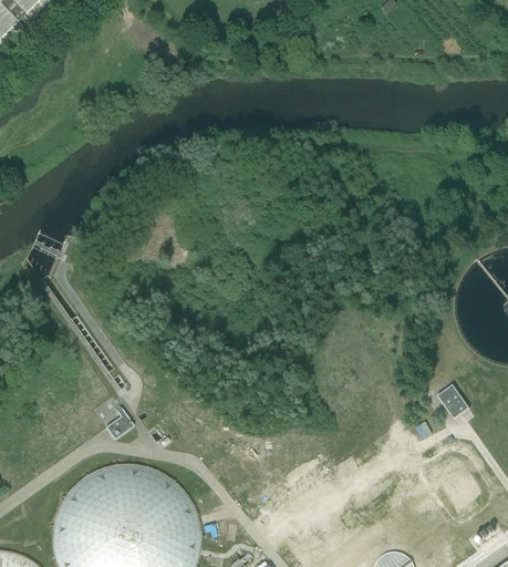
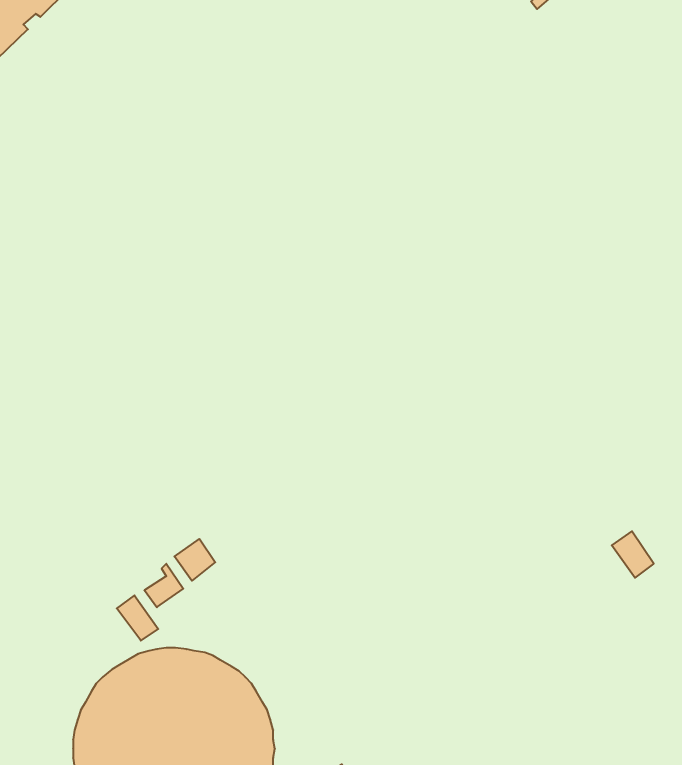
building: none -> [174,539,215,581]
building: none -> [117,595,158,641]

